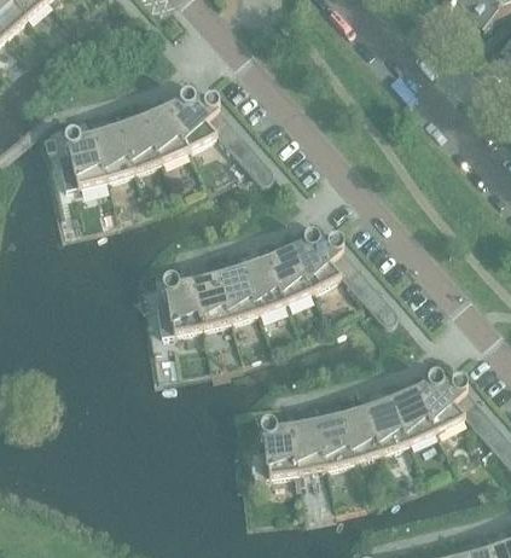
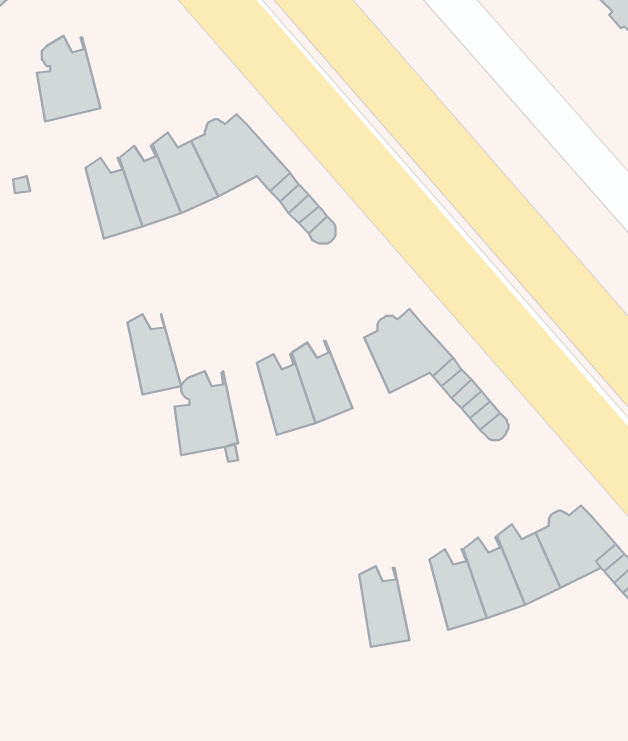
building: [59,126,105,187] -> [37,36,101,122]
building: [265,243,310,300] -> none
building: [191,267,230,325] -> [127,314,181,395]
building: [314,408,353,466] -> none
building: [250,417,297,476] -> none

